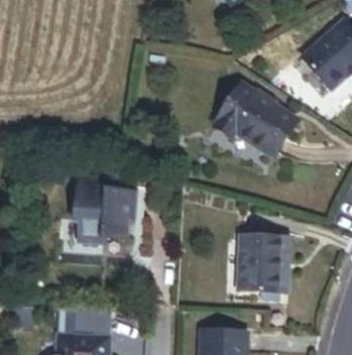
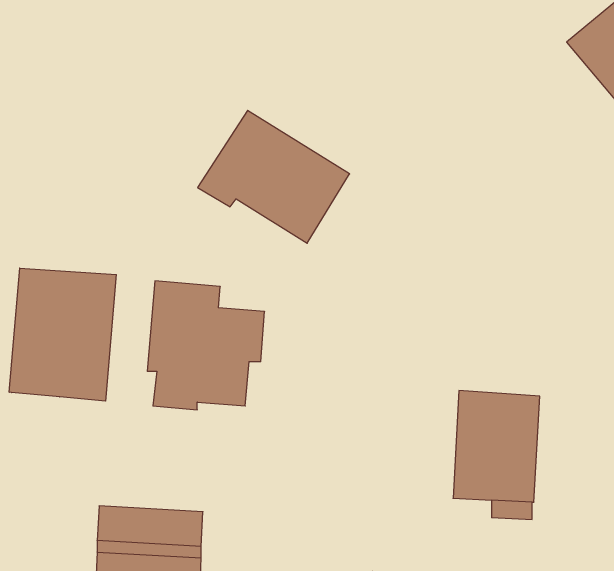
building: [219,86,299,155] -> [198,110,350,243]
building: none -> [9,268,116,401]

